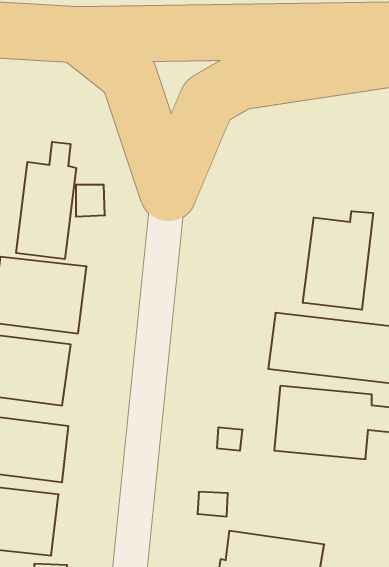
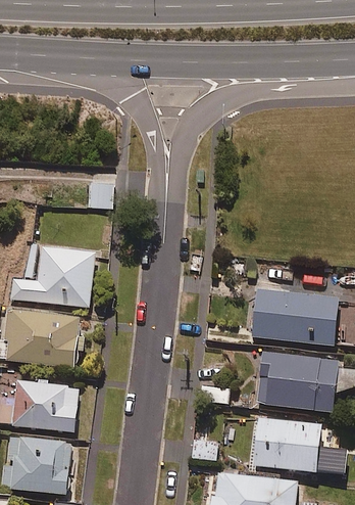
building: [16,142,76,259] -> none
building: [303,211,373,310] -> none
building: none -> [251,419,328,473]

